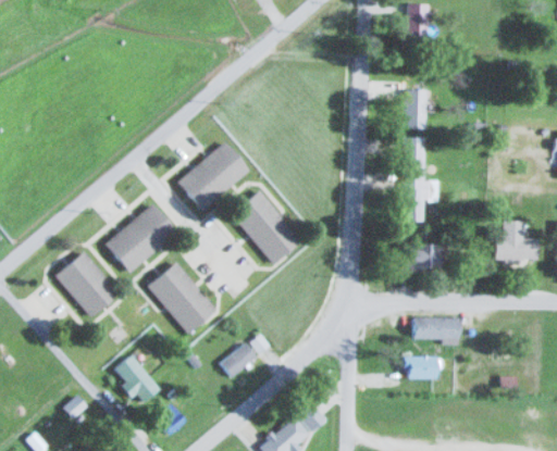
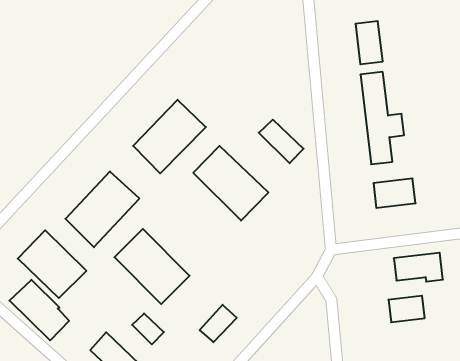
building: none -> [259,120,304,163]
building: none -> [9,280,69,340]
building: none -> [132,313,164,344]

